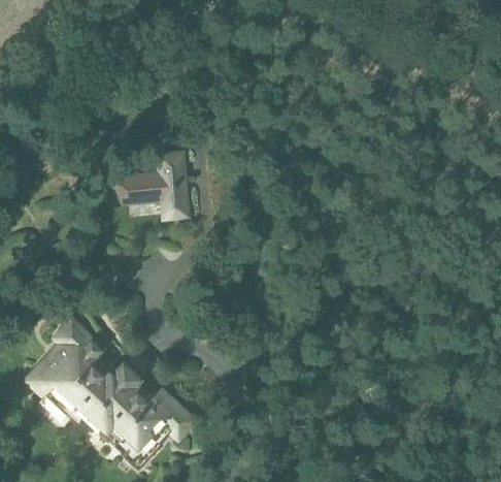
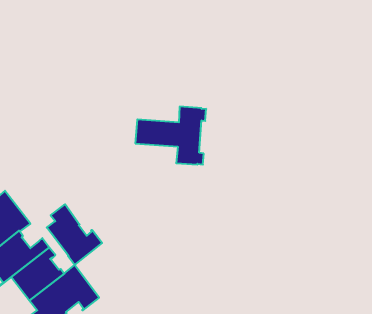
building: [113,151,194,216] -> [135,107,206,165]
building: none -> [47,204,102,265]

